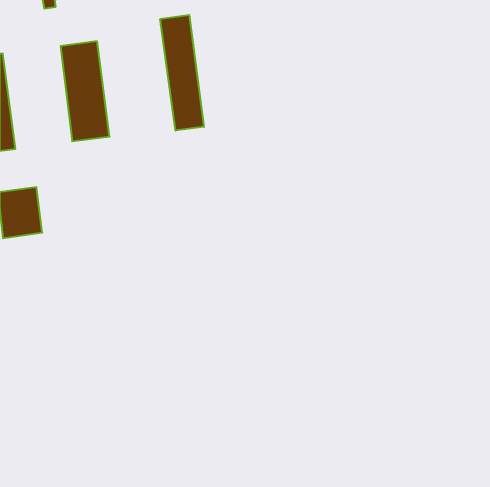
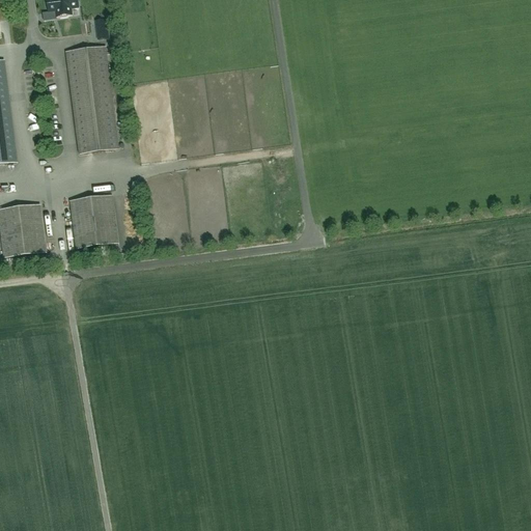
building: [160,15,204,131] -> none
building: none -> [69,193,117,247]

